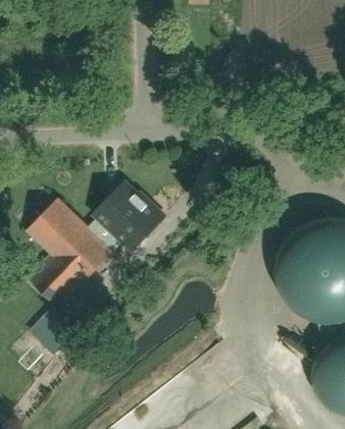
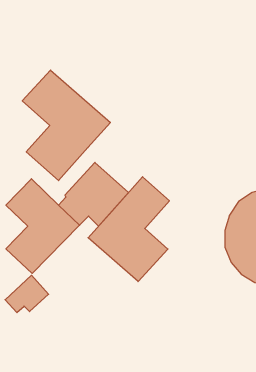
building: none -> [22,70,110,181]
building: none -> [88,177,169,282]

